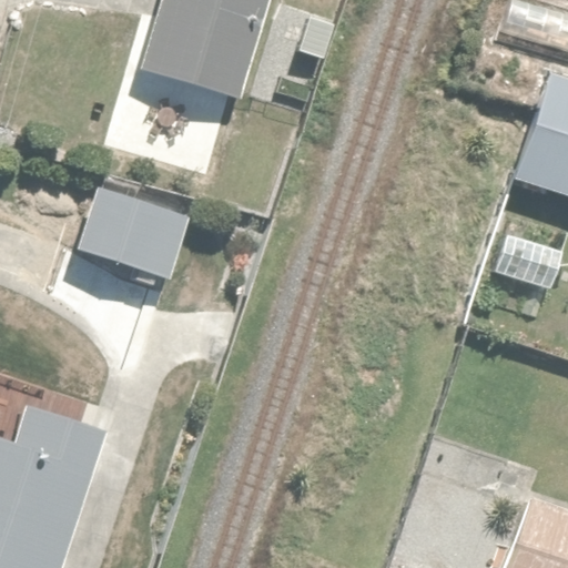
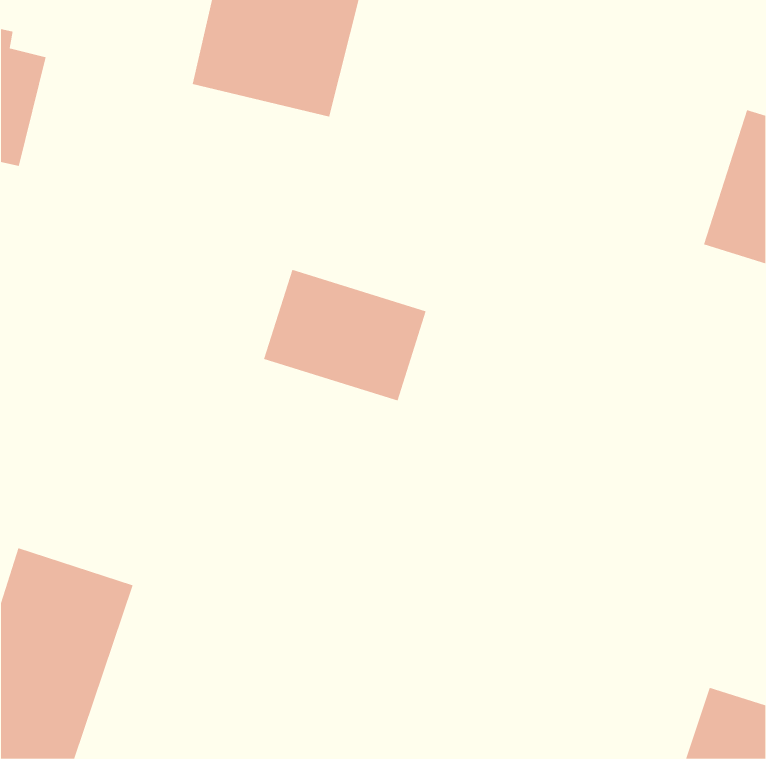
building: [71,190,192,287] -> [263,269,427,401]

